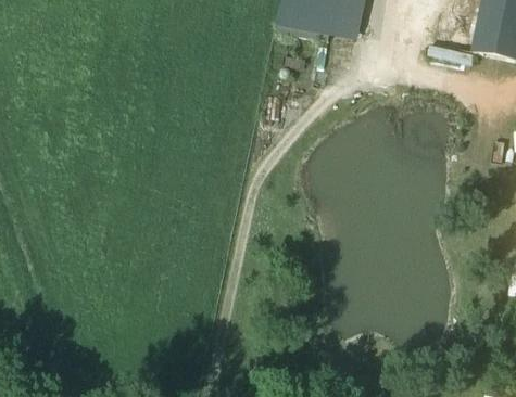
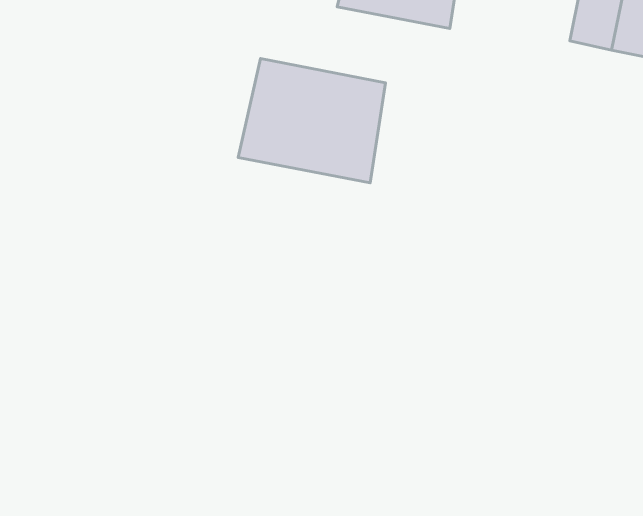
building: none -> [238,59,385,183]

